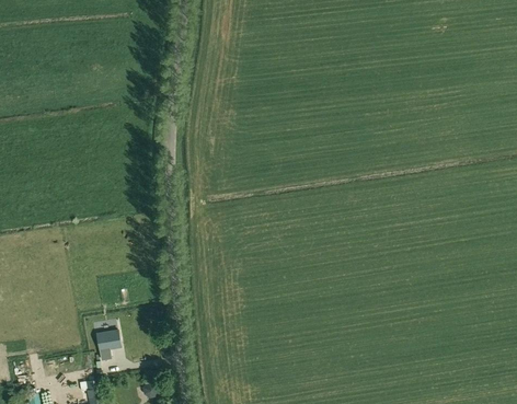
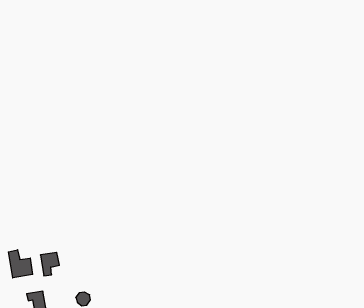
building: none -> [8,250,33,278]

